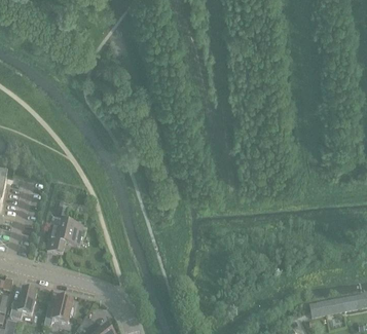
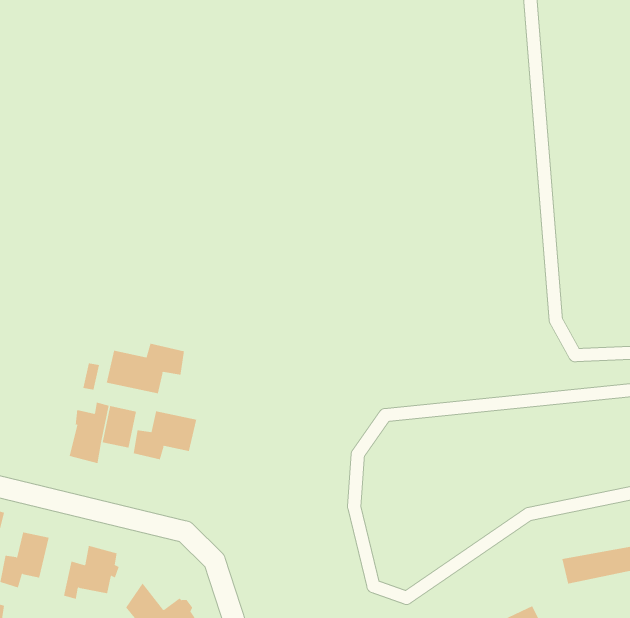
building: none -> [106,343,184,394]
building: none -> [133,410,197,460]

